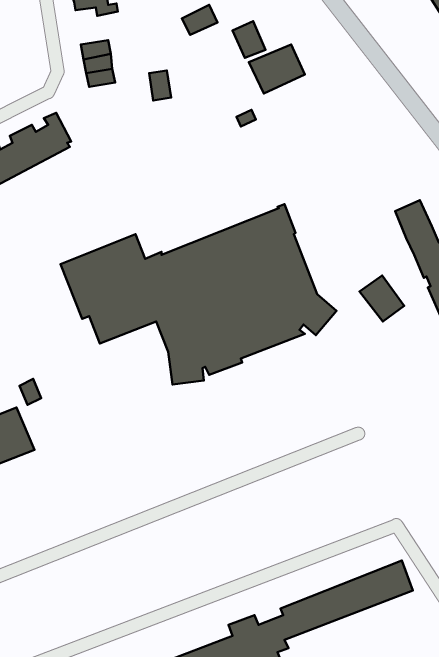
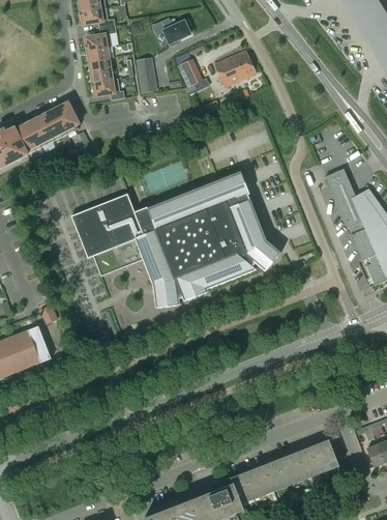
building: none -> [84,25,115,50]
building: [233,21,265,58] -> [177,58,202,86]
building: none -> [91,78,124,99]
building: [359,275,404,322] -> none

